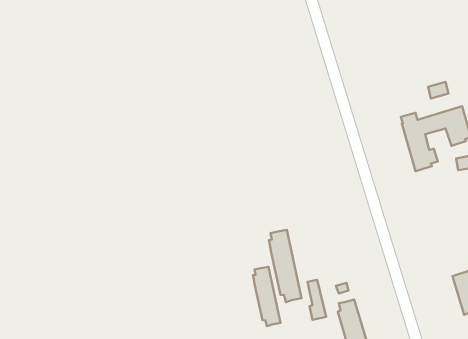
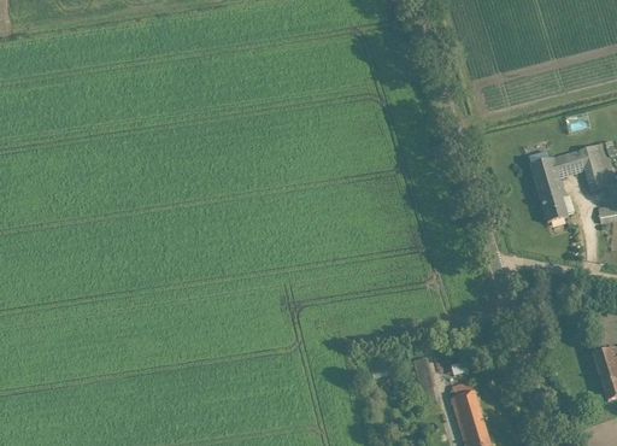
building: [269,230,302,302] -> none
building: [253,267,281,326] -> none

